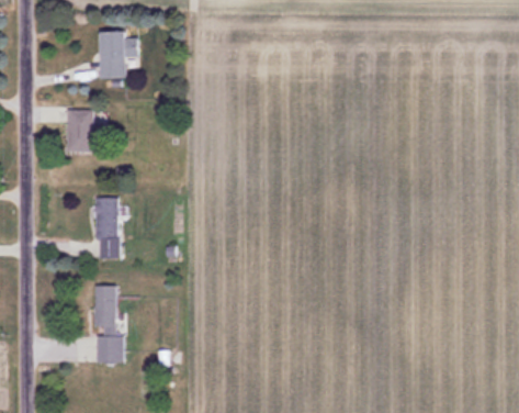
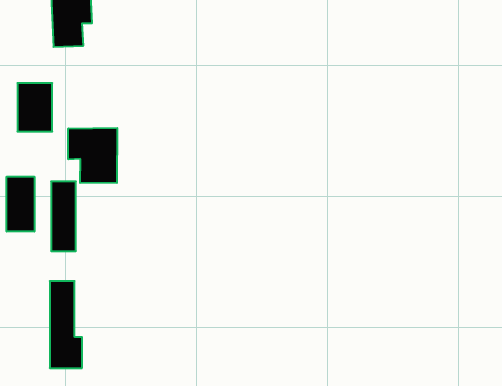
building: none -> [68,128,117,183]
building: none -> [7,177,34,232]

